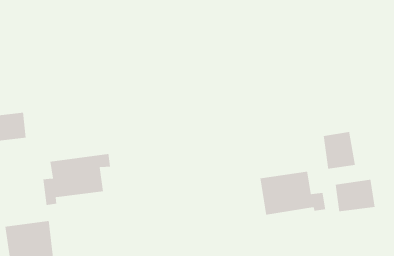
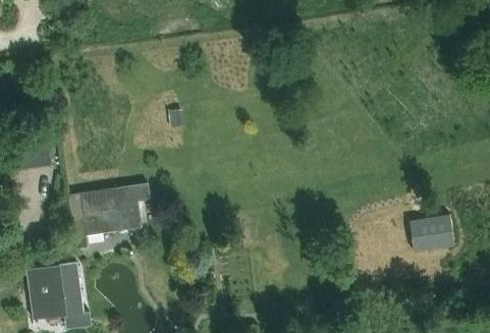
building: [323,131,356,169] -> none
building: [260,171,326,216] -> none

